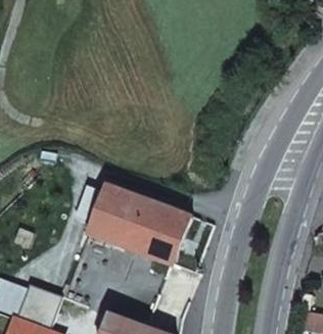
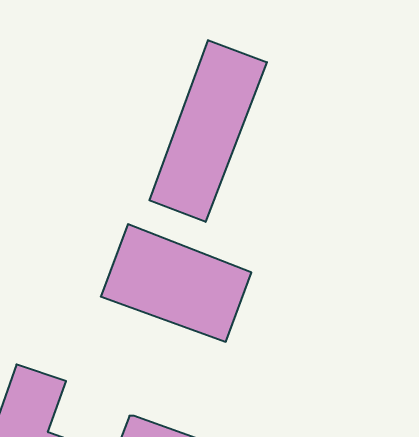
building: none -> [149,40,267,222]

